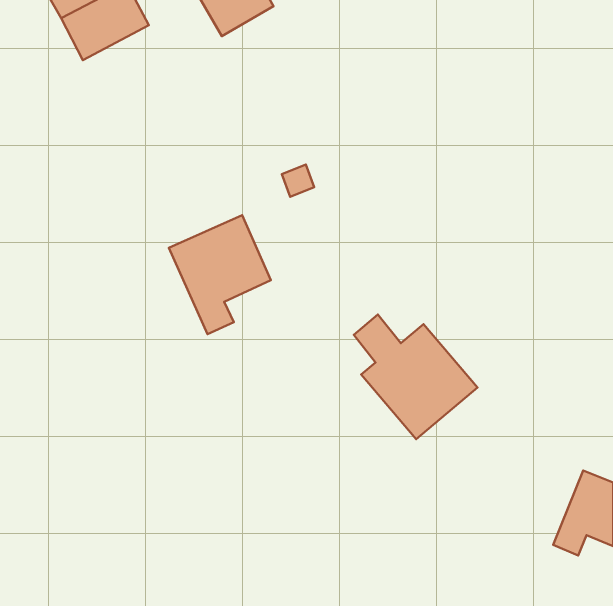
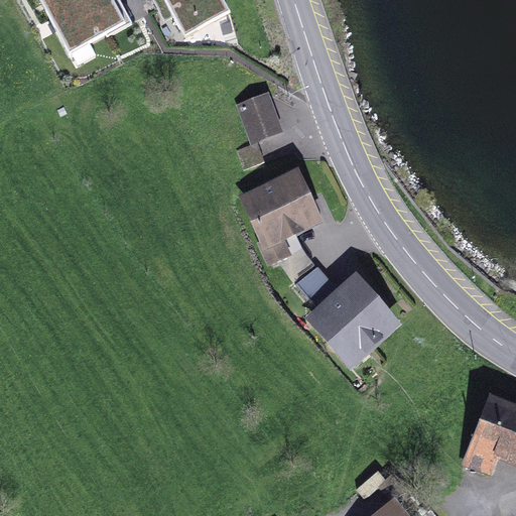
building: none -> [241,94,279,136]
building: [169,215,271,334] -> [237,167,322,267]

